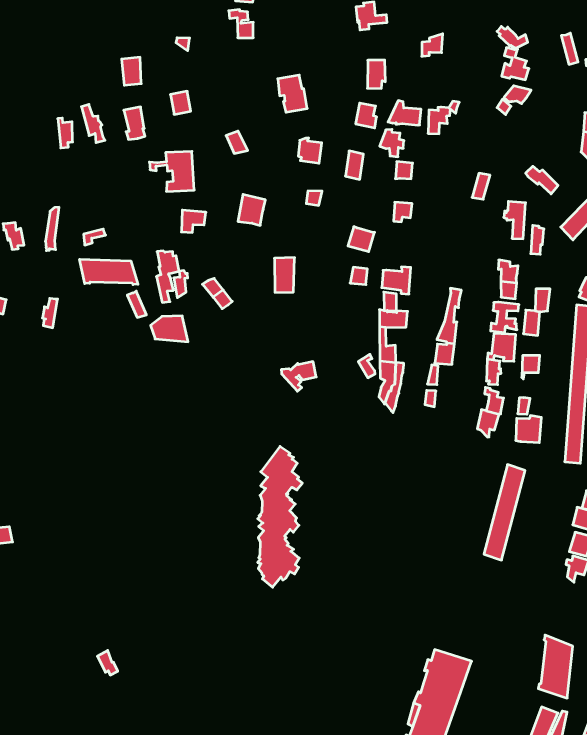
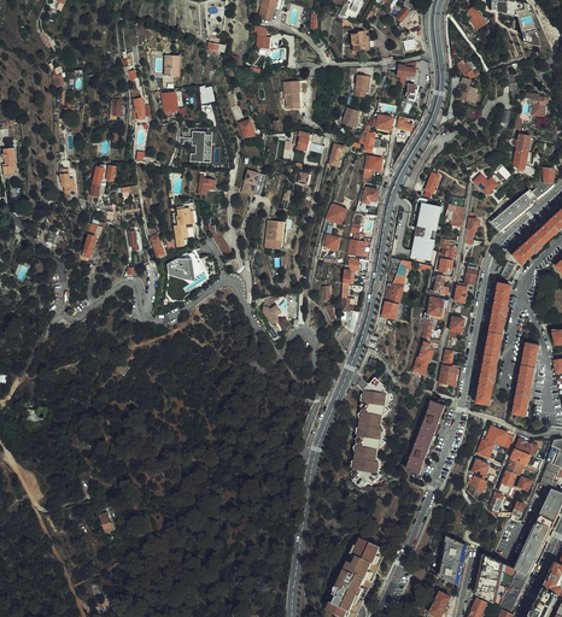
building: none -> [409,202,441,260]
building: [80,259,138,285] -> none
building: [258,446,302,587] -> [350,378,391,487]

